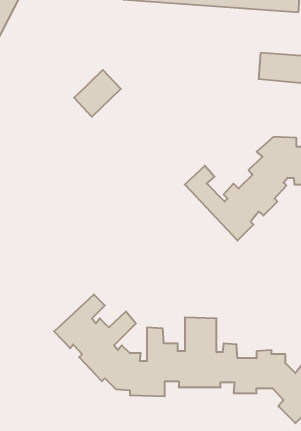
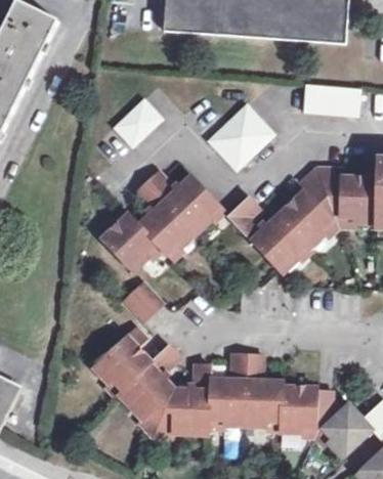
building: none -> [206,102,273,170]
building: none -> [105,171,216,270]
building: none -> [121,282,162,323]

